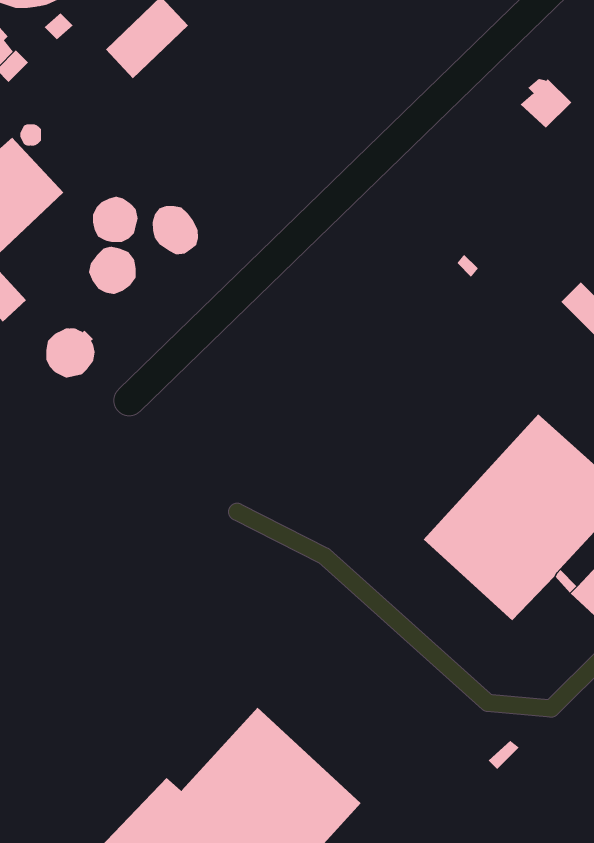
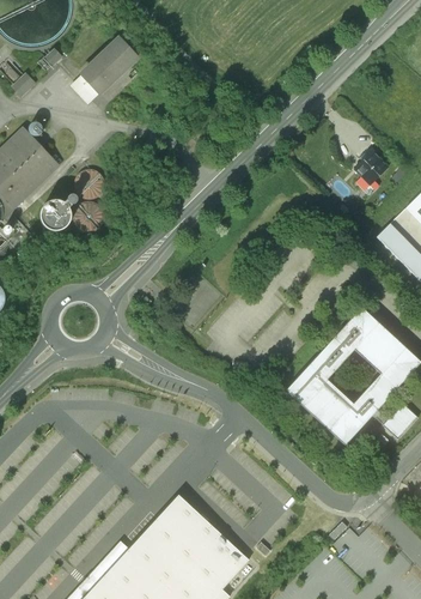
building: [520,78,572,129] -> [354,151,388,183]
building: [152,205,199,255] -> none
building: [45,328,96,378] -> [39,200,72,232]

